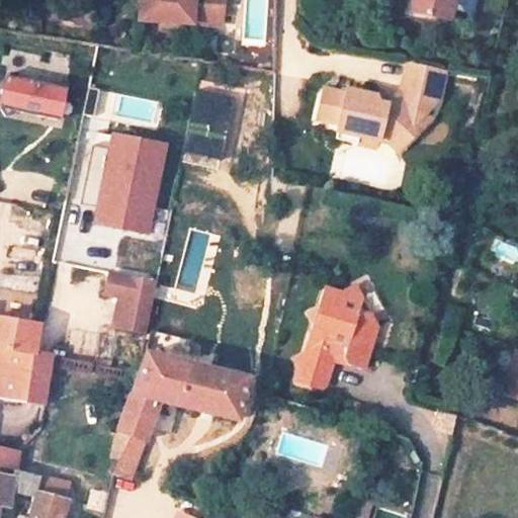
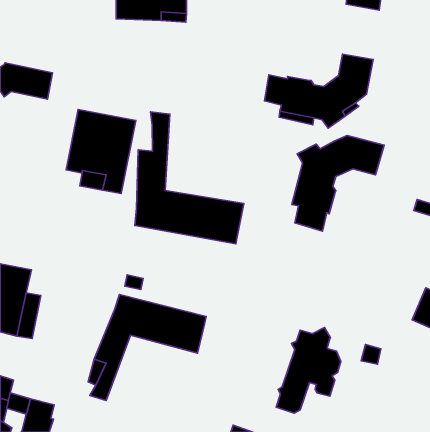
building: none -> [135,112,244,244]
building: none -> [292,135,384,231]
building: [109,273,161,332] -> none
building: [289,285,366,387] -> [276,327,341,413]

